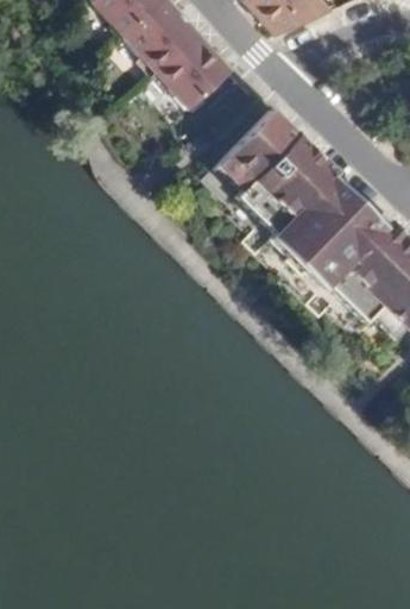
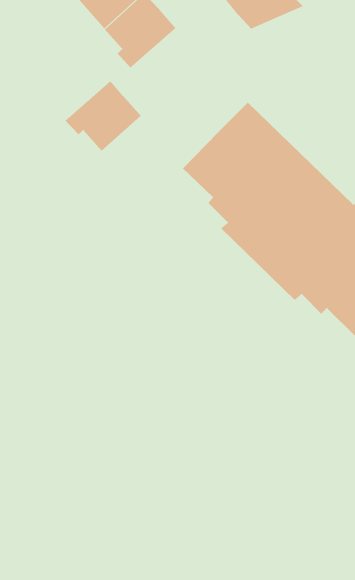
building: [153,32,233,106] -> [65,80,142,151]

